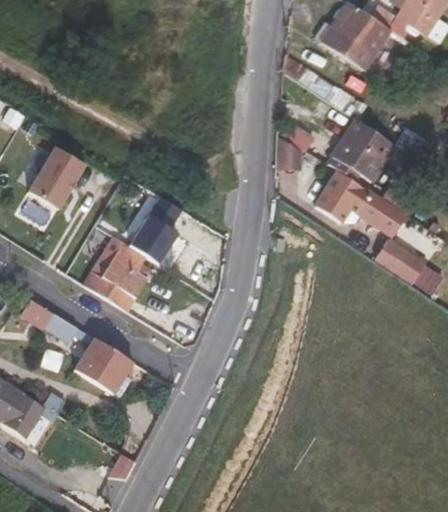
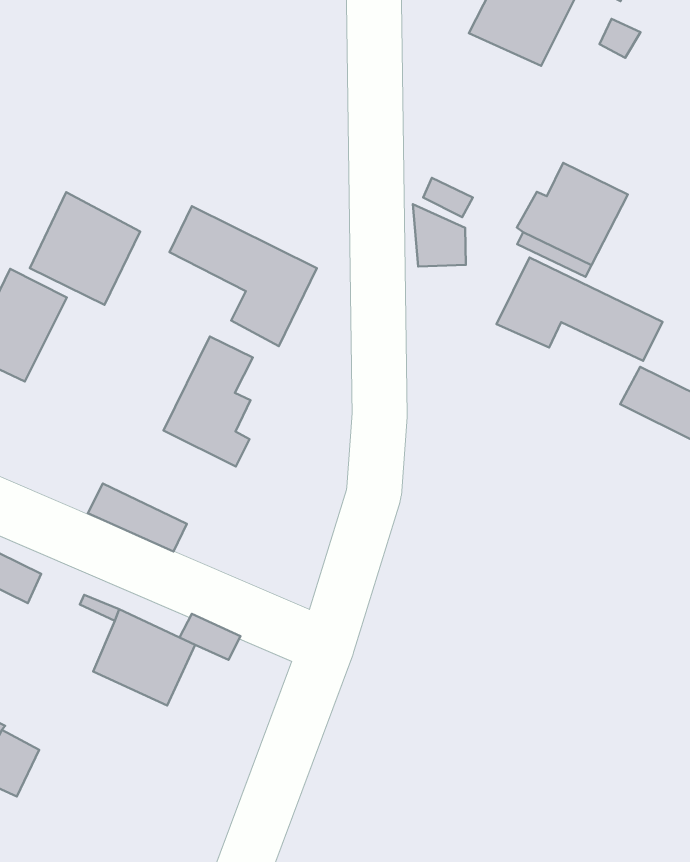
building: none -> [30,192,140,305]
building: none -> [169,206,317,346]
building: [92,234,149,295] -> none

